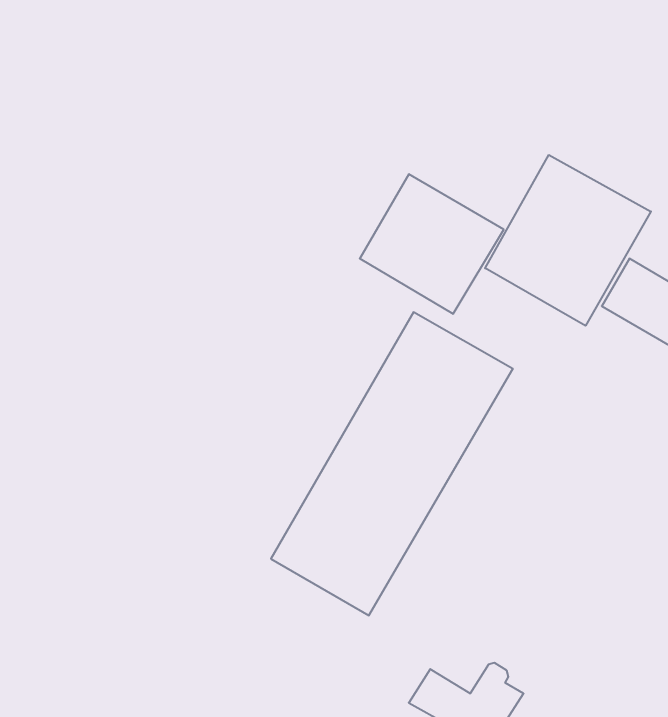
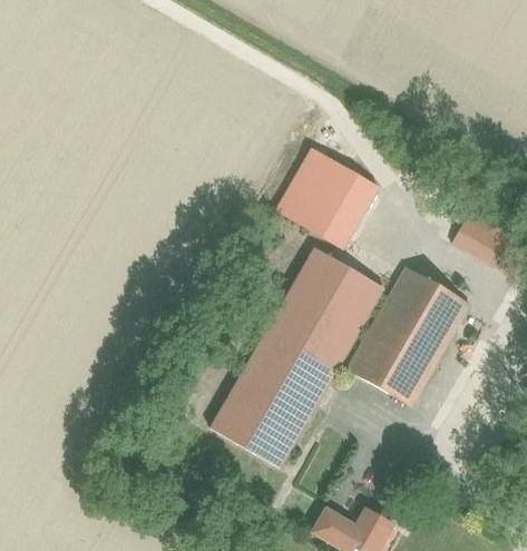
building: [485,155,651,326] -> none
building: none -> [345,267,468,405]

